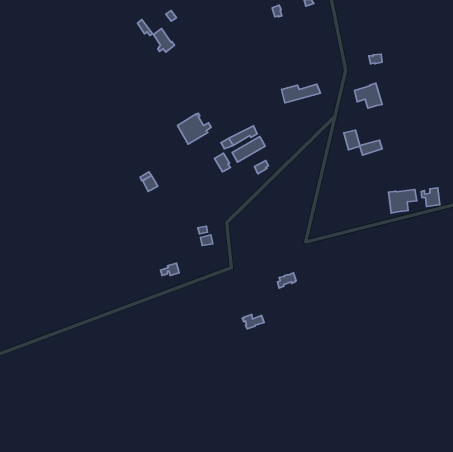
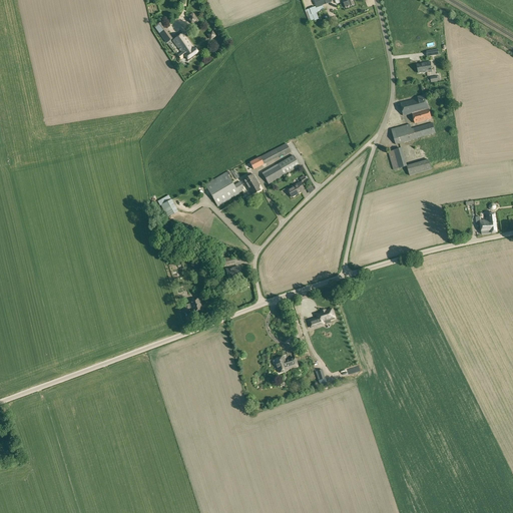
building: [281,84,320,103] -> [392,122,436,143]
building: [178,113,211,144] -> [205,170,243,205]
building: [388,190,417,213] -> none

